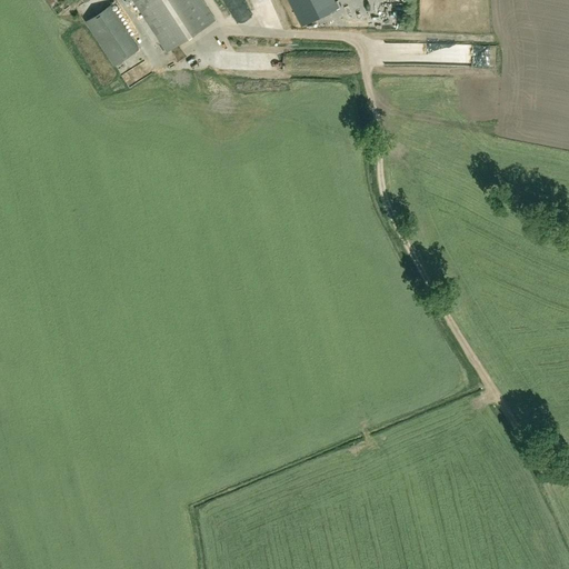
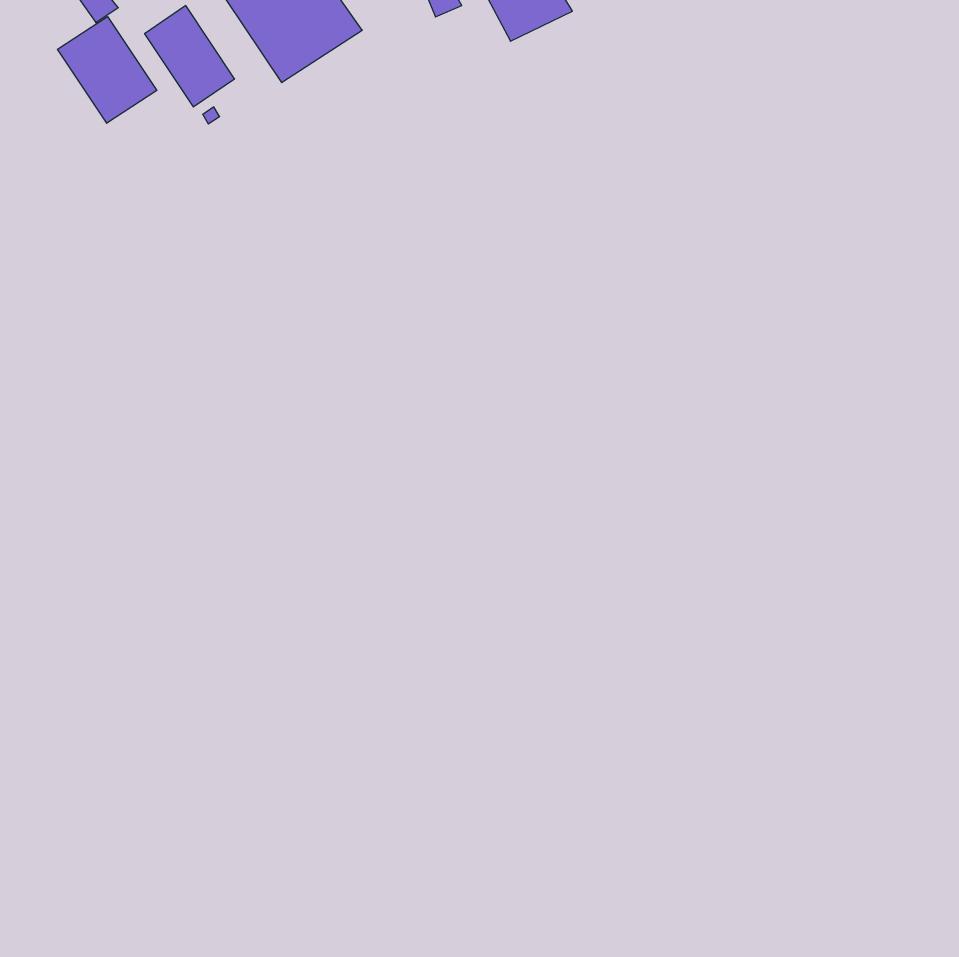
building: none -> [57,17,157,123]

